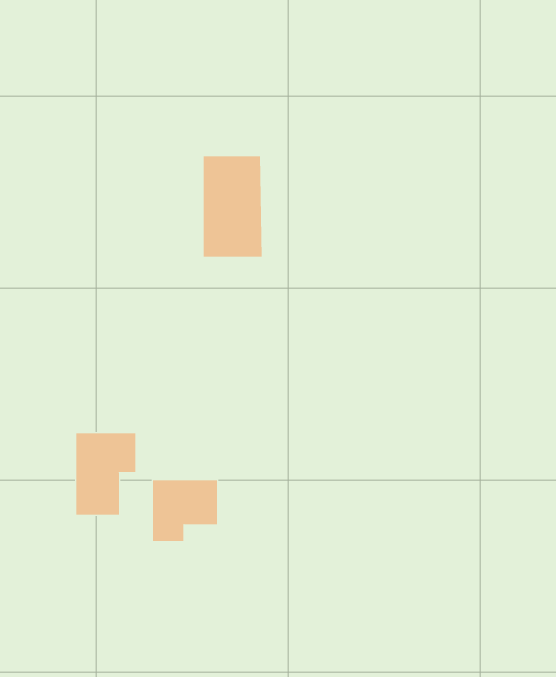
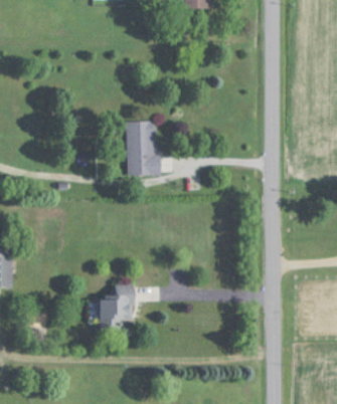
building: [76,432,136,515] -> none

